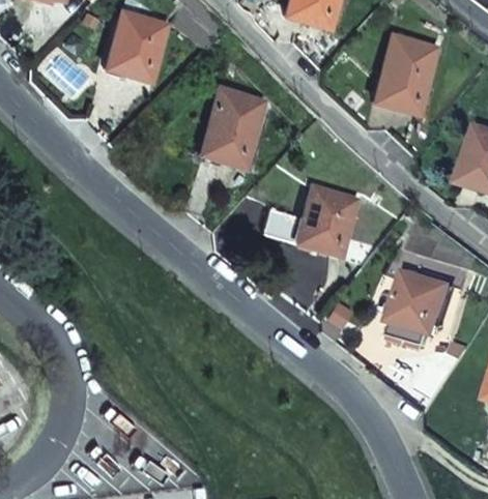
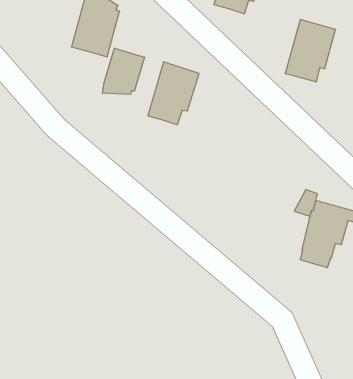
building: none -> [103,48,145,94]
building: [263,179,358,256] -> none

